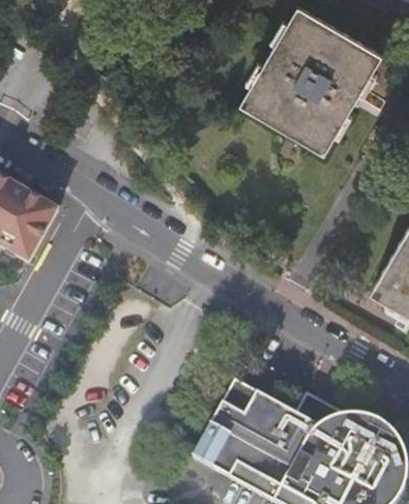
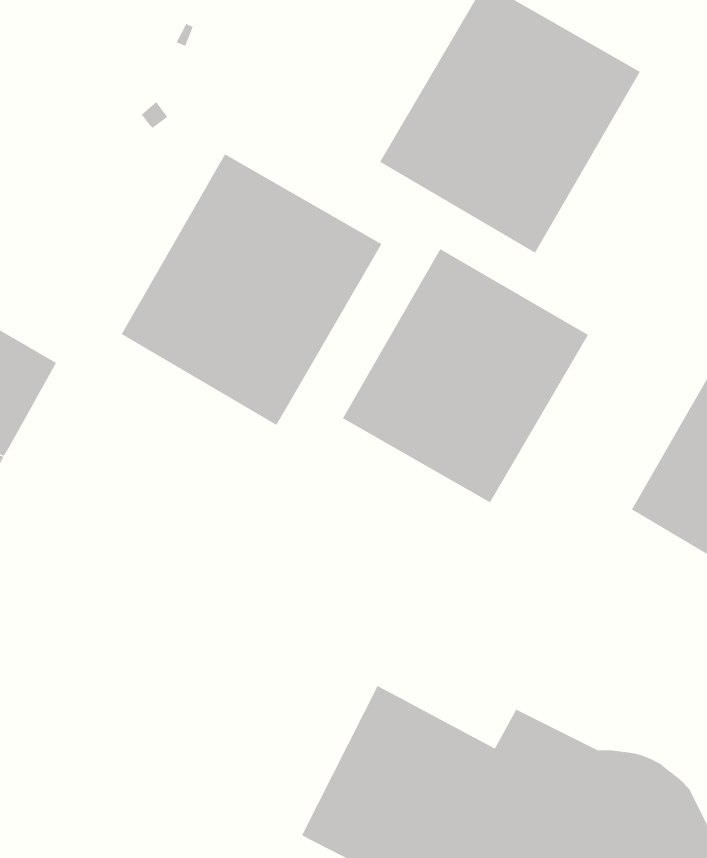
building: none -> [121,154,382,426]
building: none -> [342,248,589,503]

